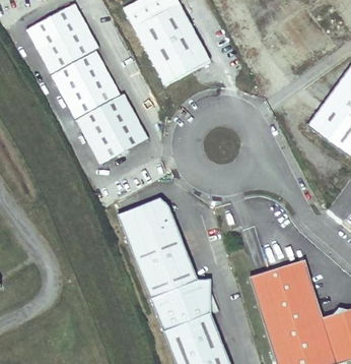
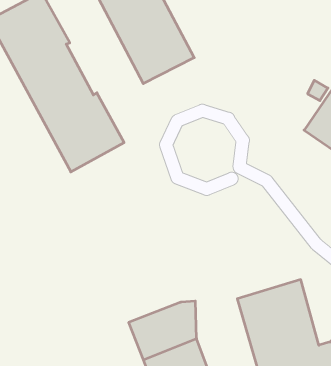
building: [118,199,198,299] -> none

